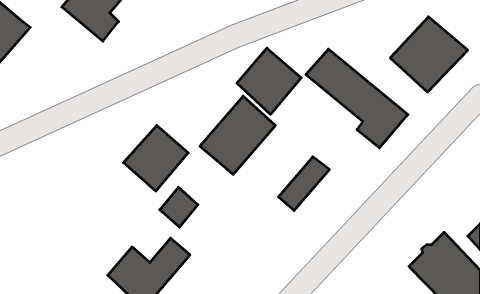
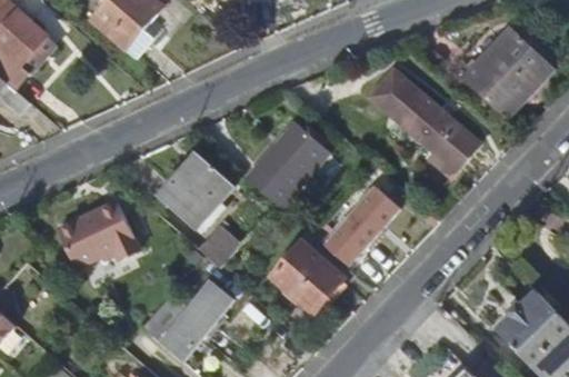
building: [237,48,301,114] -> none
building: none -> [56,199,139,268]
building: none -> [276,245,347,316]

